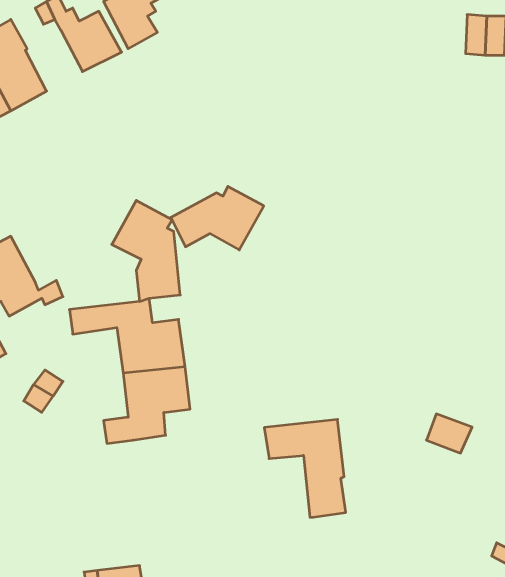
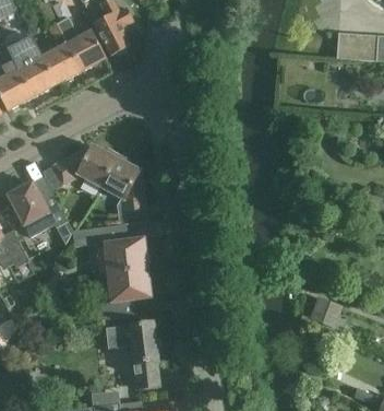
building: none -> [41,43,80,83]
building: [171,186,264,250] -> [53,143,116,186]
building: [264,419,346,517] -> [105,321,159,387]

